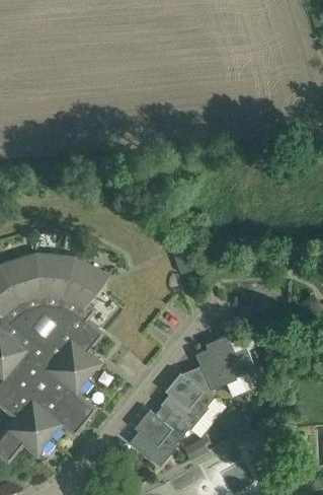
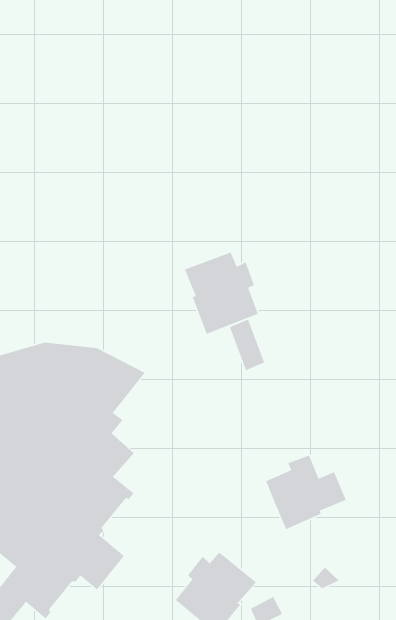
building: none -> [184,251,259,335]
building: [161,366,216,429] -> none

